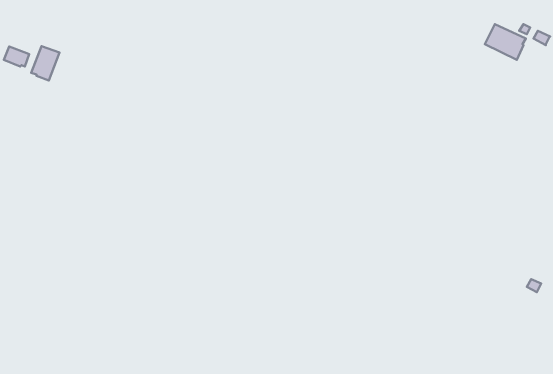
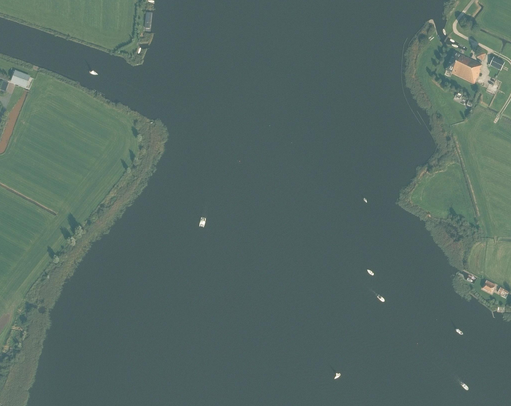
building: [31,46,59,81] -> none

